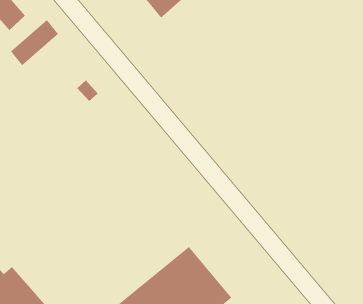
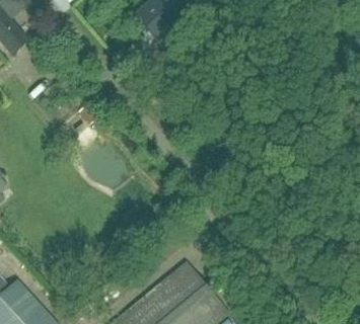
building: [10,19,59,66] -> none

